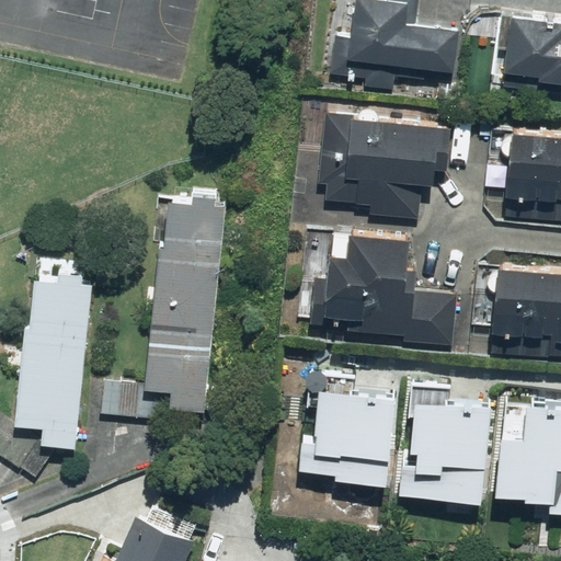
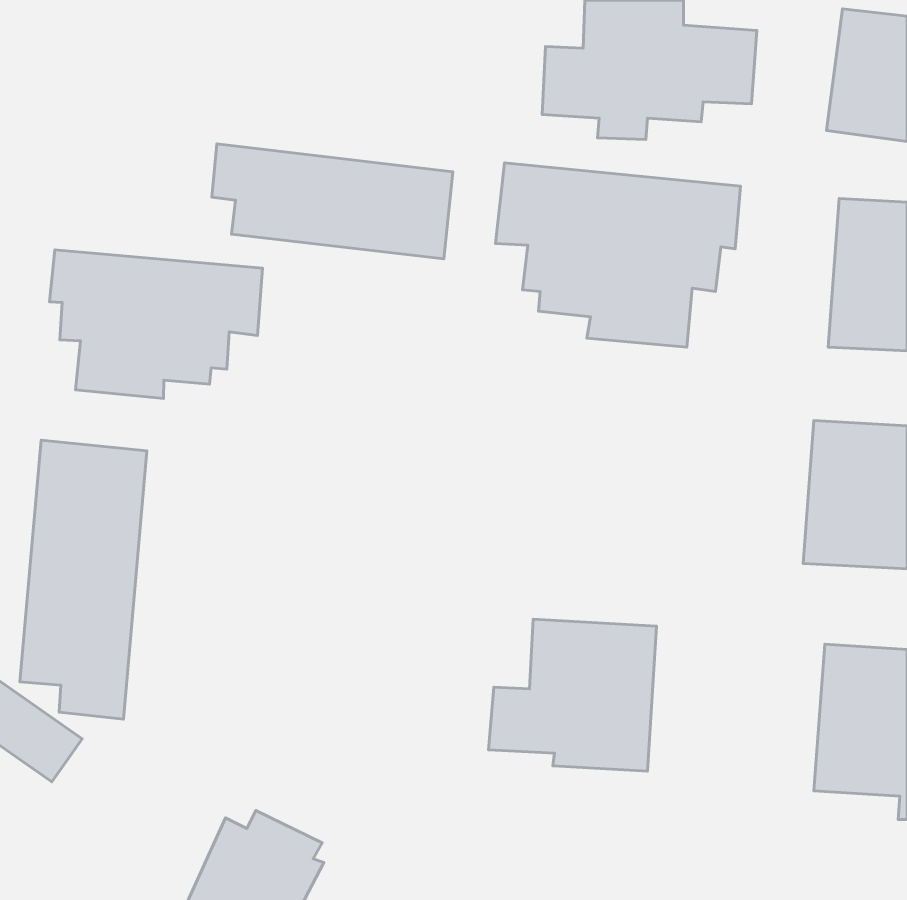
building: none -> [212,144,453,259]
building: none -> [50,250,262,398]
building: [94,202,222,427] -> none
building: [313,231,458,345] -> none
building: [403,398,496,502] -> none

